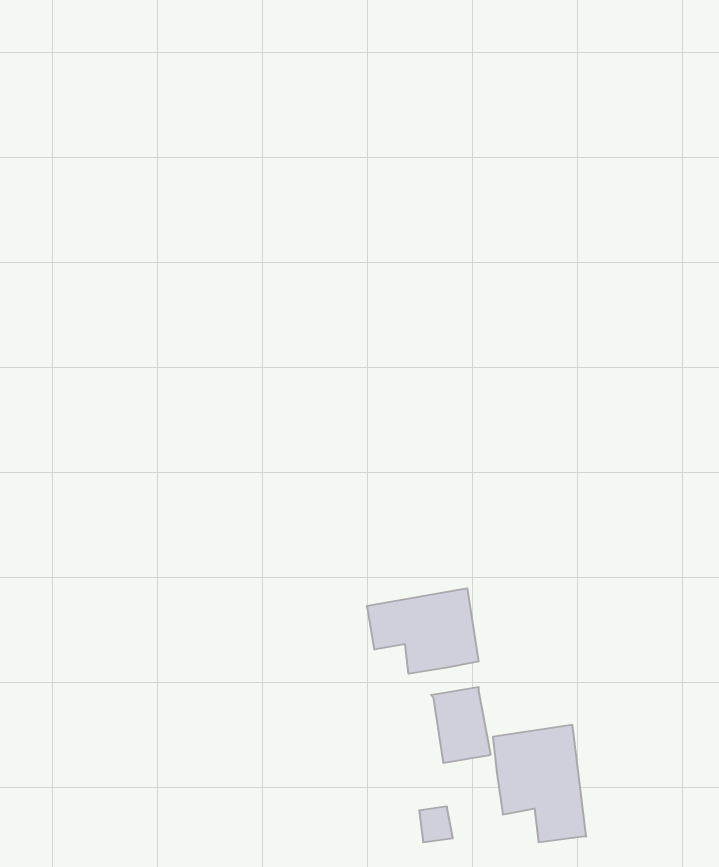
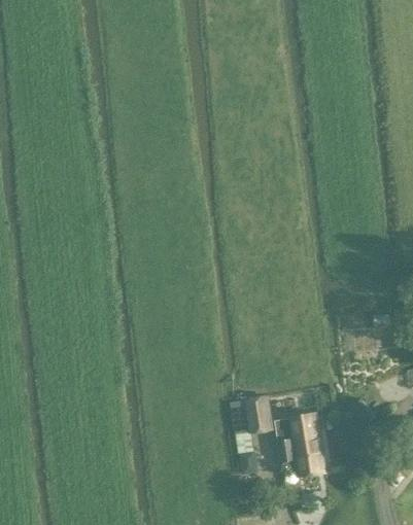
building: [367,588,478,674] -> none

